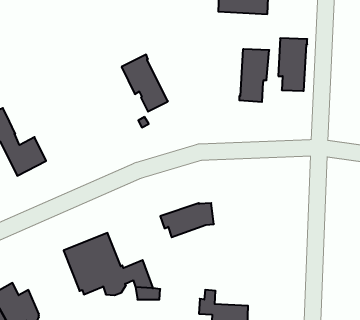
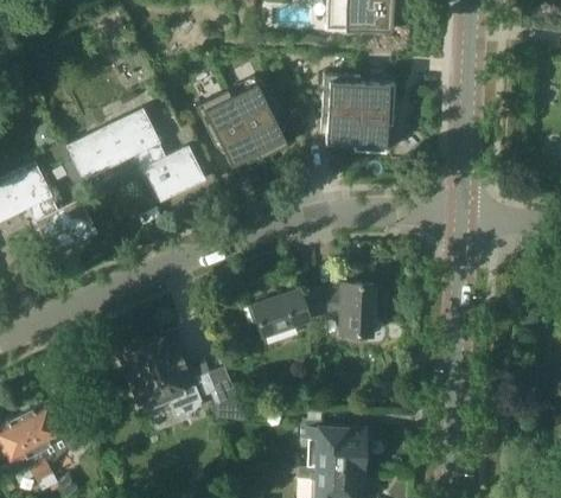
building: [278,38,307,91] -> [321,74,361,145]
building: none -> [230,79,288,159]
building: none -> [66,108,202,199]
building: none -> [317,283,374,339]

